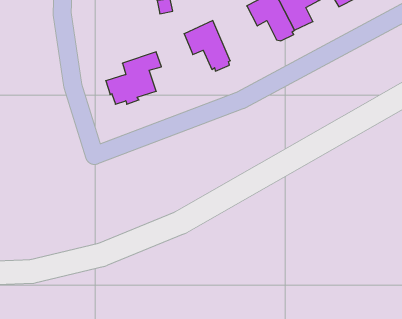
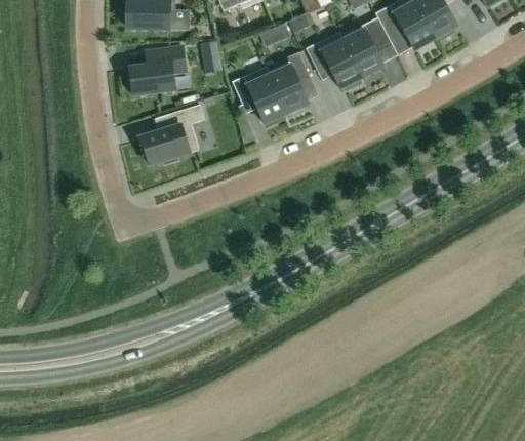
building: none -> [128,50,185,99]
building: none -> [266,51,310,113]

